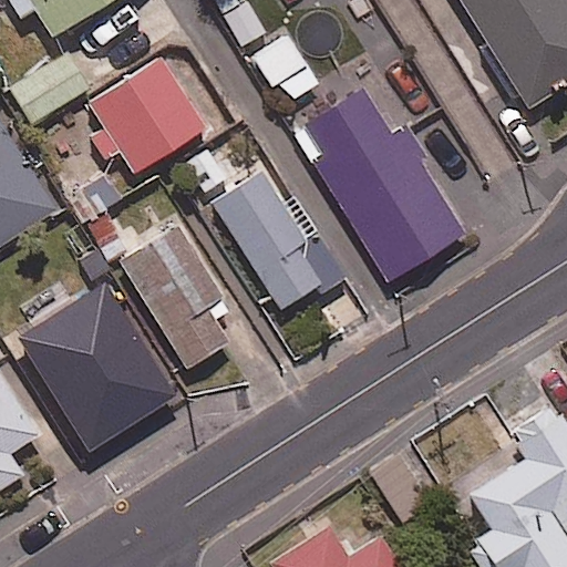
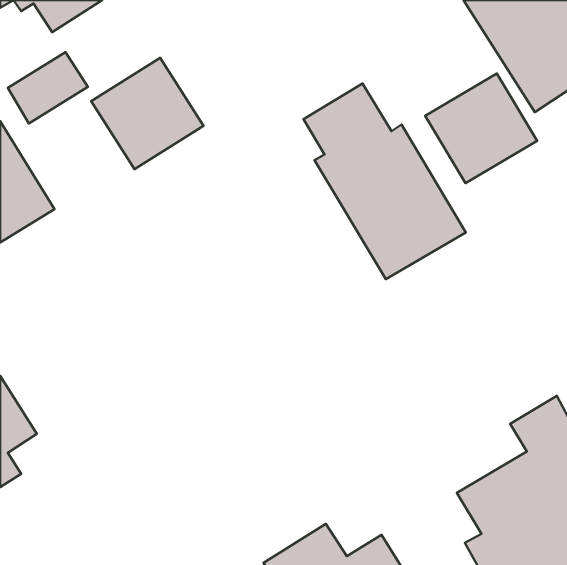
building: none -> [425,73,537,183]
building: [210,172,347,313] -> none
building: [120,225,230,369] -> none
building: [16,282,176,452] -> none

